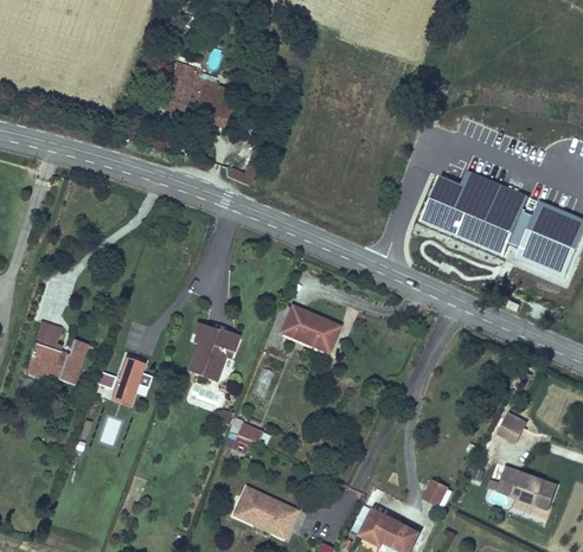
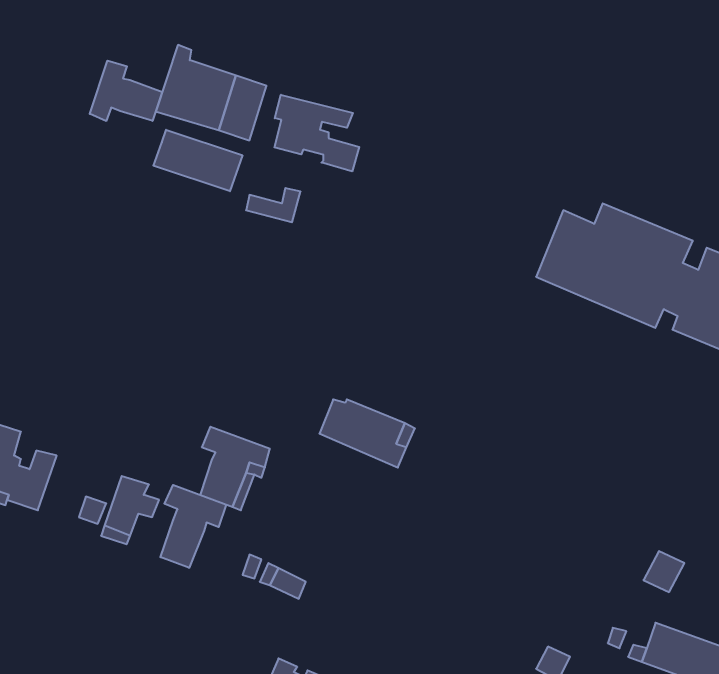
building: none -> [90,61,162,121]
building: none -> [274,95,359,171]
building: none -> [153,130,242,191]
building: none -> [160,485,226,568]

